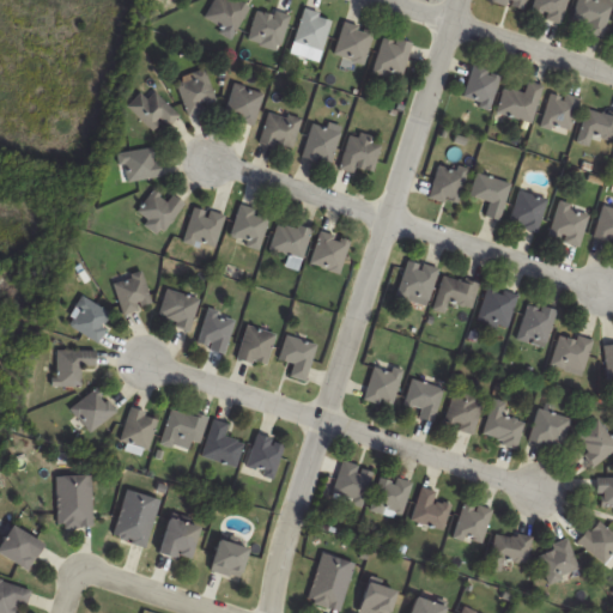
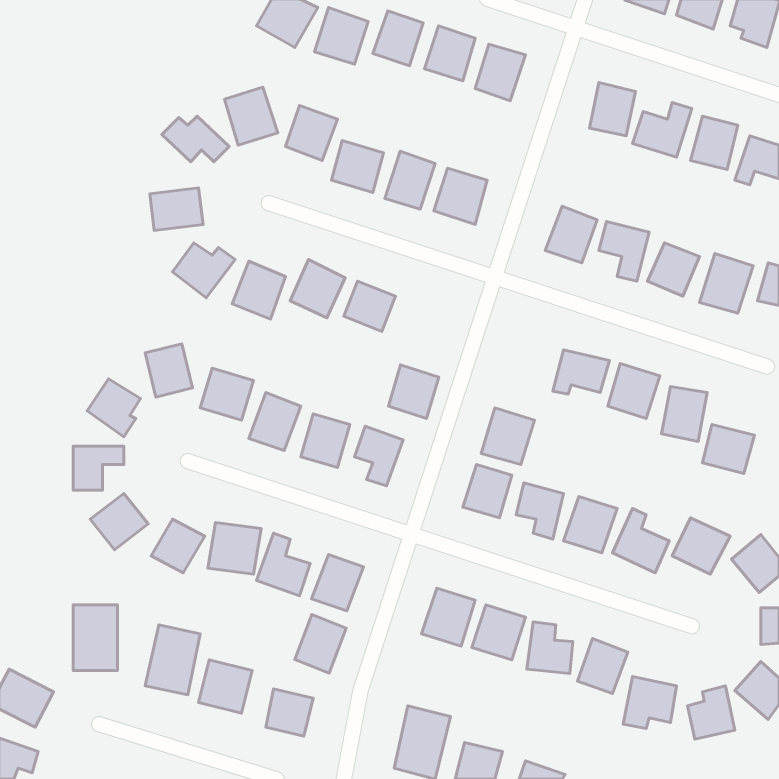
building: [309,231,348,273] -> [388,365,439,418]
building: [395,259,437,303] -> [481,408,535,464]
building: none -> [295,615,346,673]

